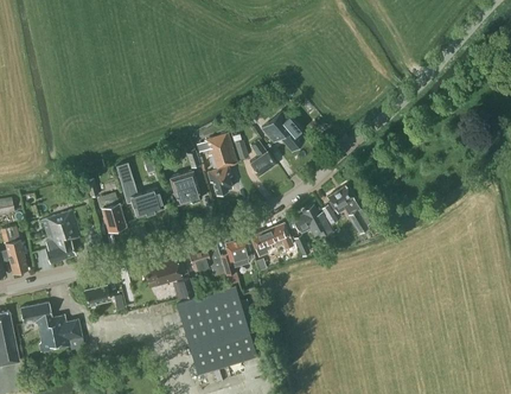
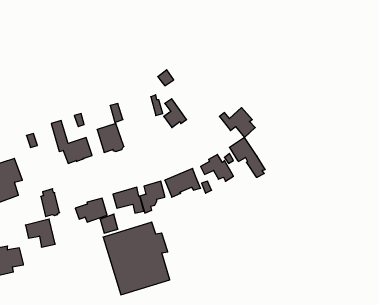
building: [262,115,305,151] -> [219,108,255,138]
building: [204,133,237,193] -> none
building: [102,197,124,230] -> [41,189,60,217]

